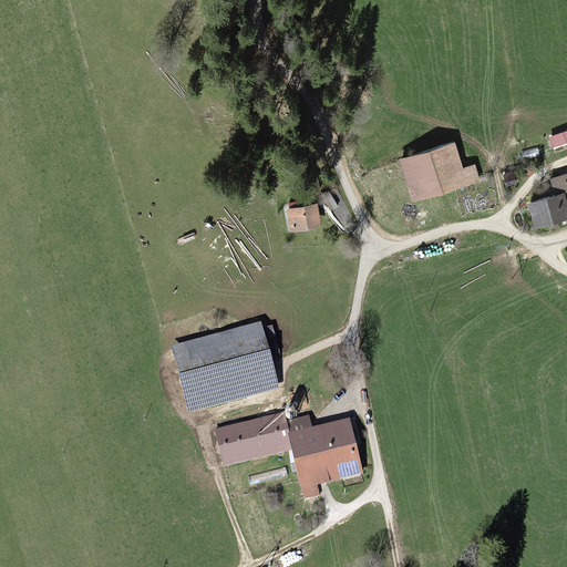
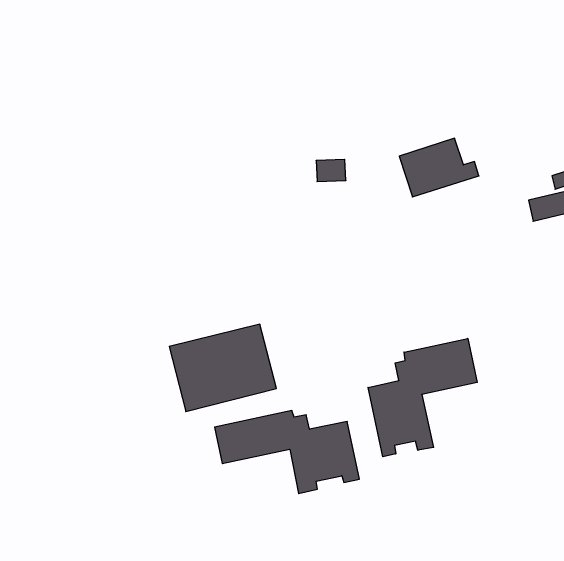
building: [289,204,319,226] -> [316,159,346,182]
building: none -> [368,338,477,457]

